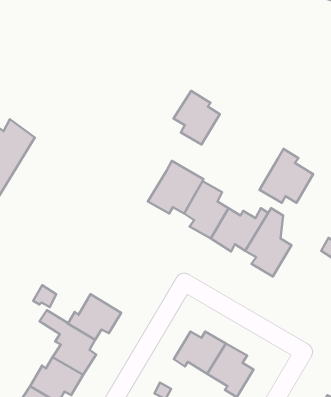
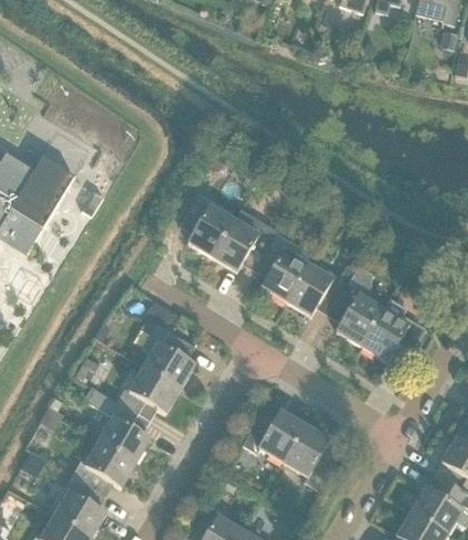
building: [174,91,220,145] -> [178,192,233,256]
building: [260,149,313,203] -> [360,297,424,361]
building: none -> [141,324,193,389]

